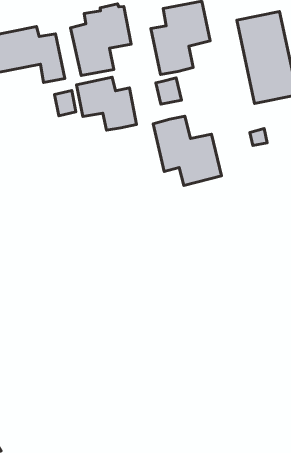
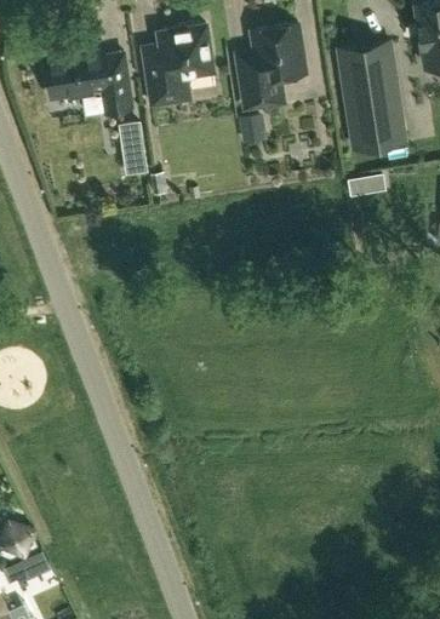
building: [77,77,137,130] -> none
building: [153,116,221,185] -> none

